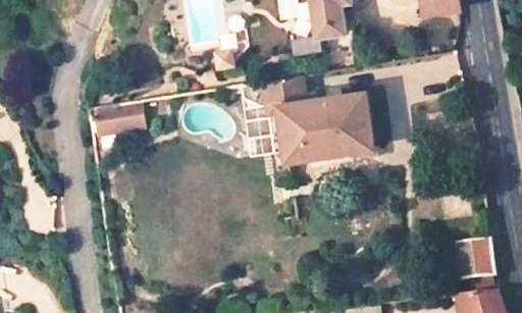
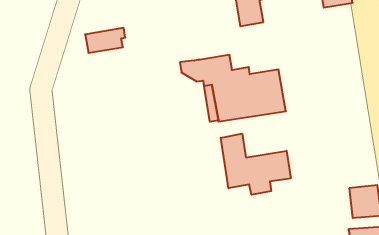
building: [93,103,144,135] -> [85,28,125,53]
building: none -> [221,134,291,195]

